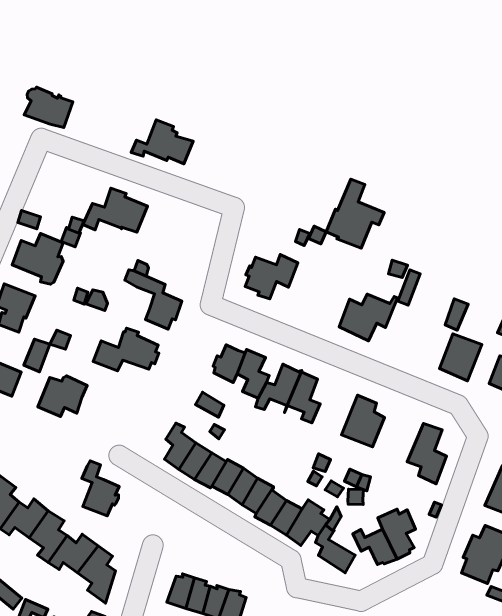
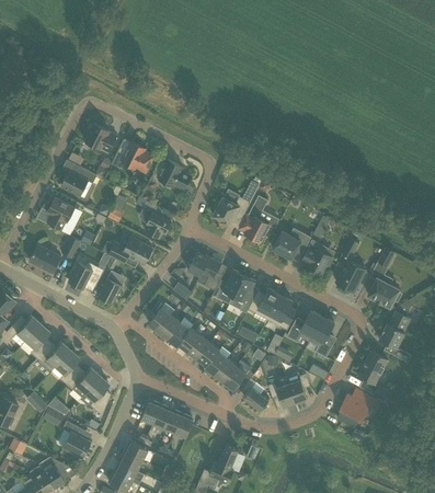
building: [24,87,73,128] -> [84,124,117,152]
building: [131,120,193,164] -> [150,160,192,191]
building: [326,179,384,248] -> [239,196,278,242]
building: none -> [301,241,333,275]
building: none -> [249,288,281,320]
building: none -> [287,311,322,343]
building: [82,461,119,516] -> [98,267,123,305]

